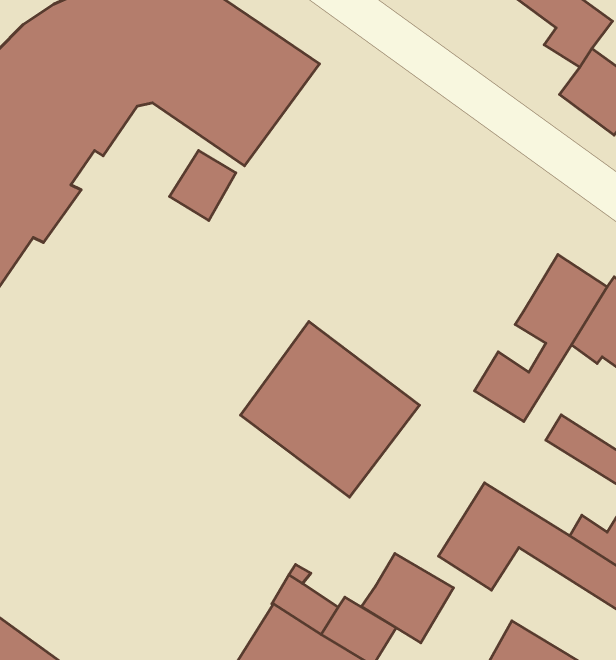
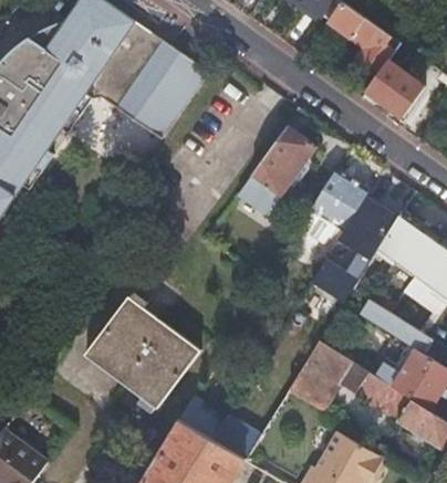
building: none -> [237,125,315,214]
building: none -> [299,168,368,245]
building: [241,322,419,497] -> [86,295,202,409]
building: [361,553,453,643] -> none

